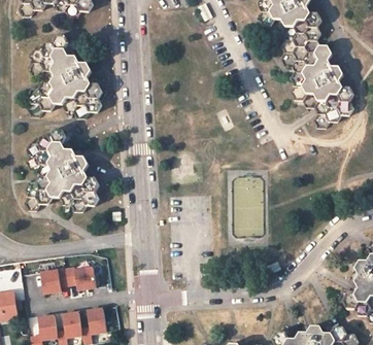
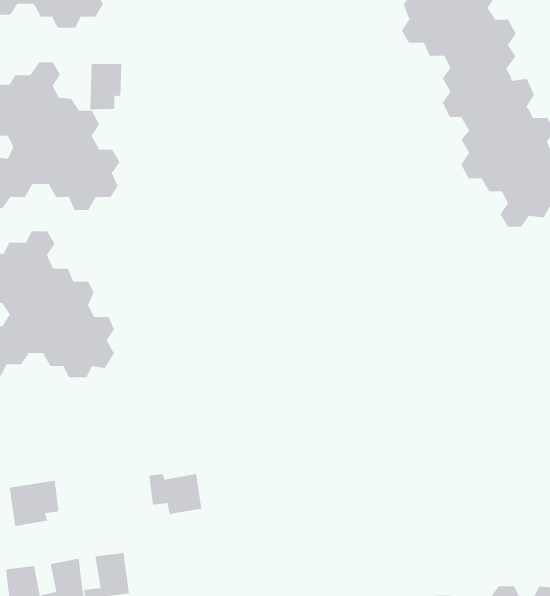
building: none -> [90,63,122,110]
building: [67,266,97,288] -> [148,474,202,515]

